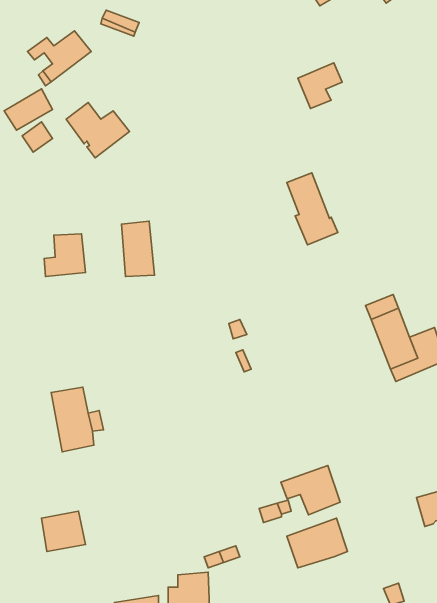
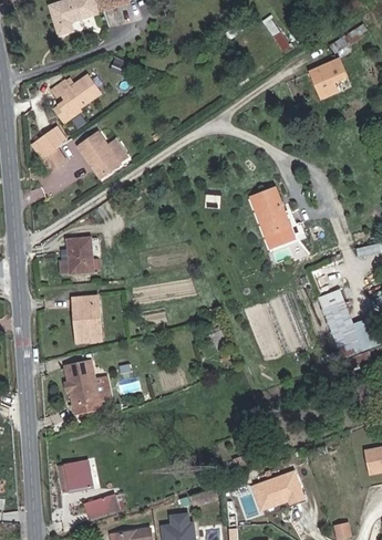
building: [298,63,342,108] -> [313,64,349,101]
building: [121,221,155,276] -> [75,297,102,341]
building: [281,466,340,515] -> none
building: none -> [85,496,120,521]

